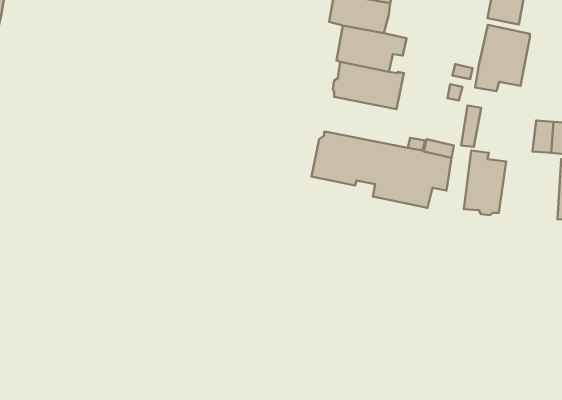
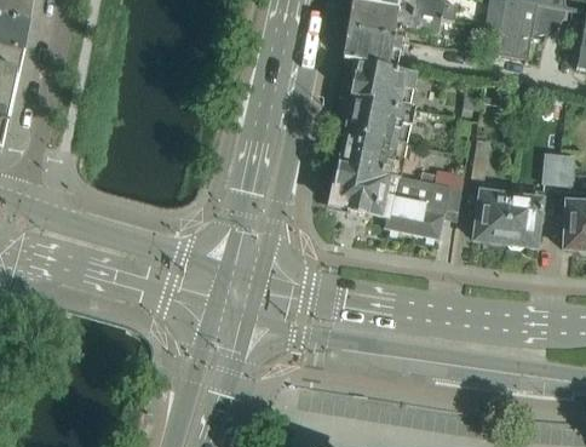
building: [475,25,530,91] -> none
building: none -> [340,130,408,176]
building: none -> [507,188,542,247]

